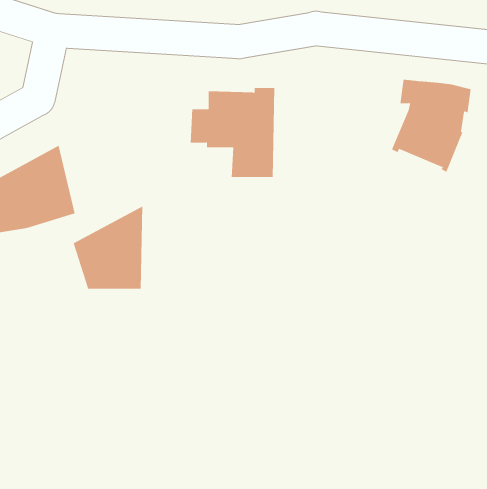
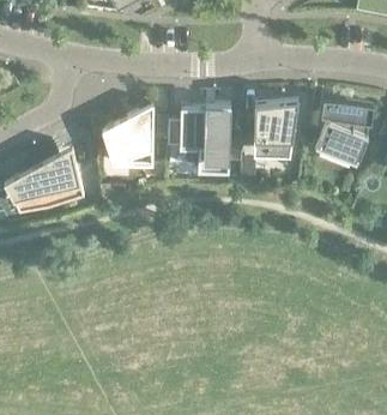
building: none -> [252,100,297,158]
building: [73,206,143,289] -> [101,106,152,167]

